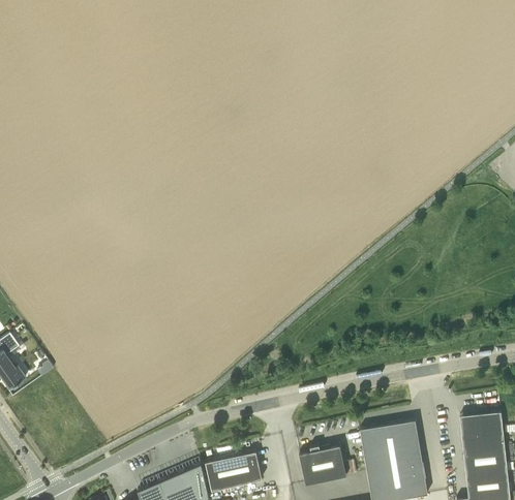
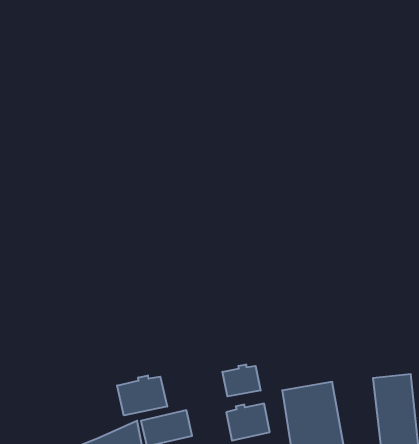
building: none -> [222,364,261,396]
building: none -> [117,375,167,415]

